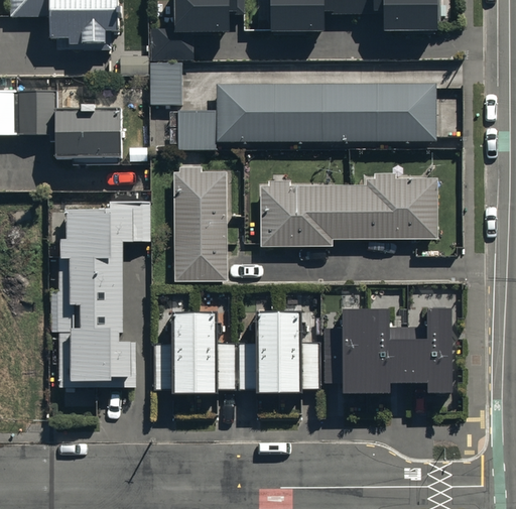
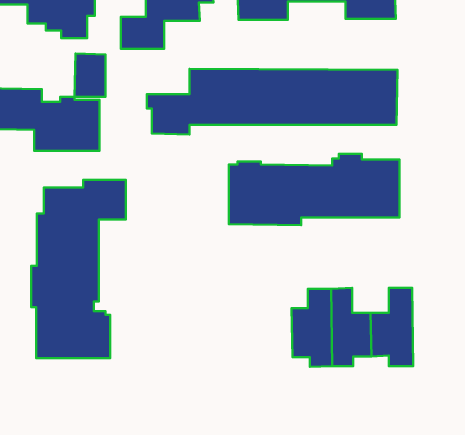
building: [148,61,180,107] -> [75,54,105,97]
building: [173,163,228,279] -> none
building: [154,306,319,388] -> none

